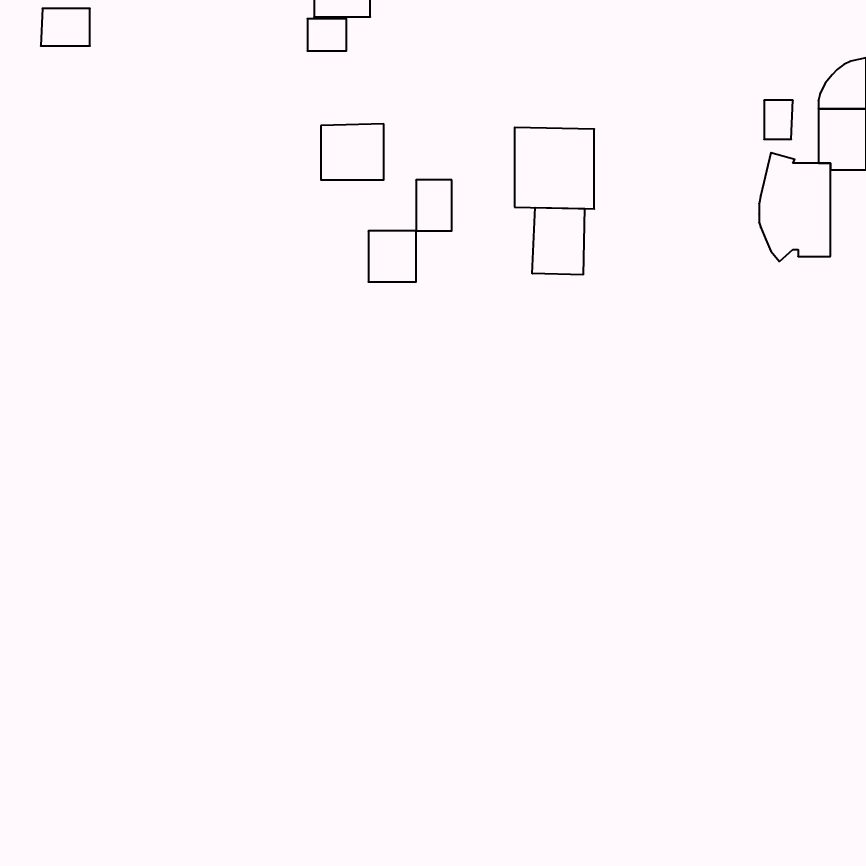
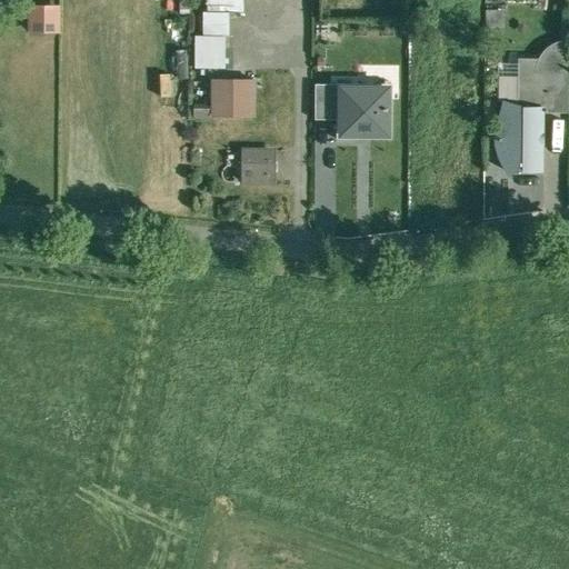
building: none -> [194,34,223,67]
building: [416,180,452,231] -> [313,83,337,117]
building: [532,208,585,275] -> none

